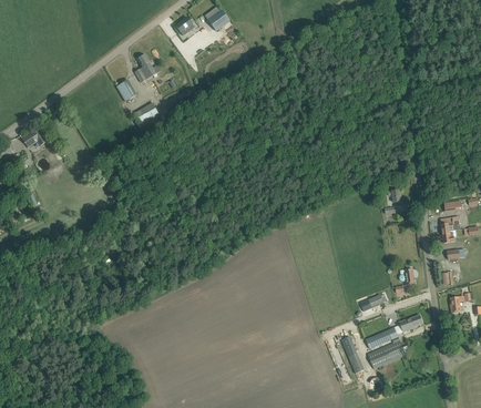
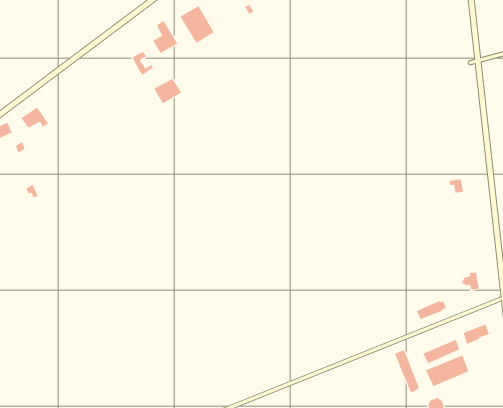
building: none -> [180,5,214,44]

